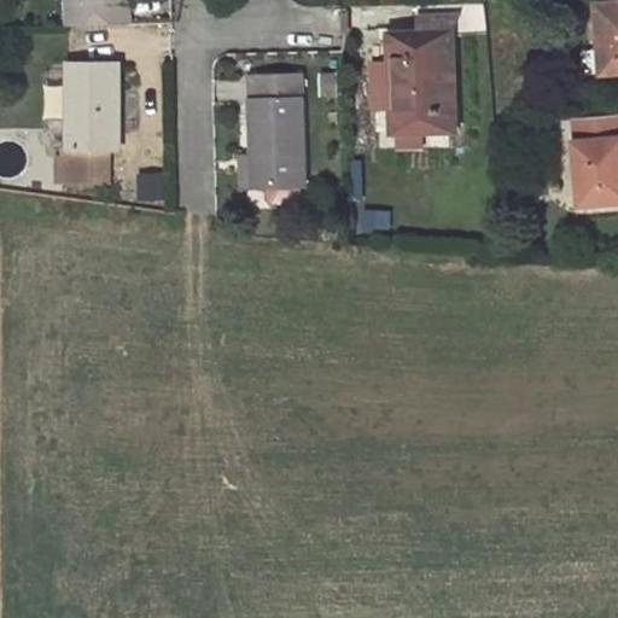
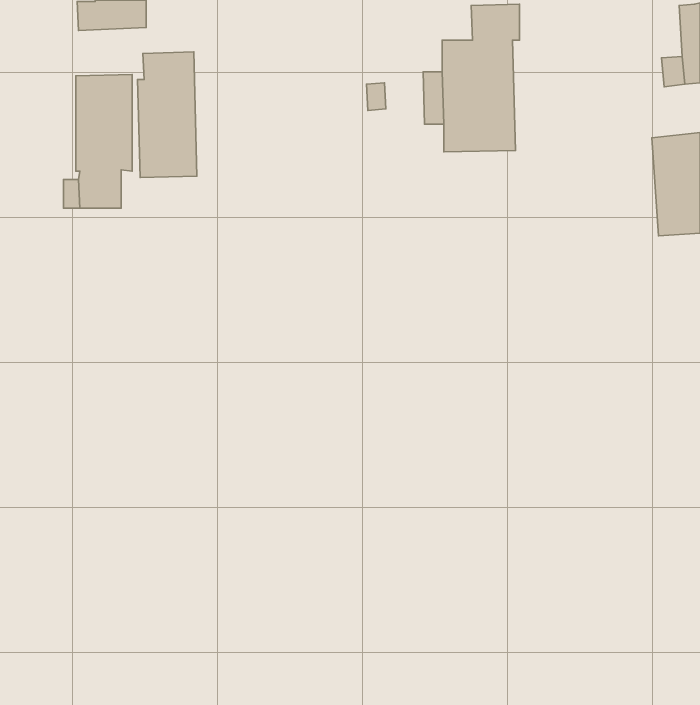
building: [252,75,304,185] -> [137,52,197,178]

